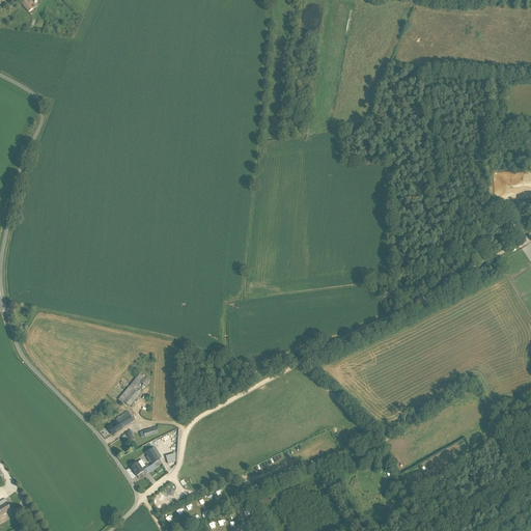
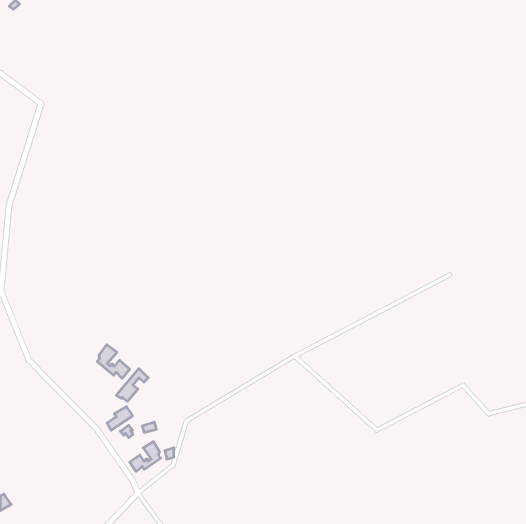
building: none -> [97,345,130,378]

